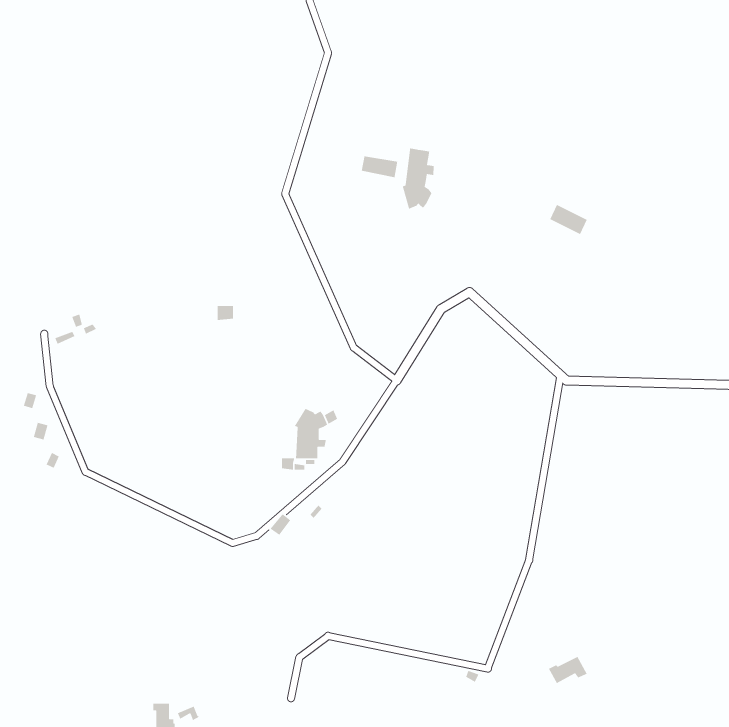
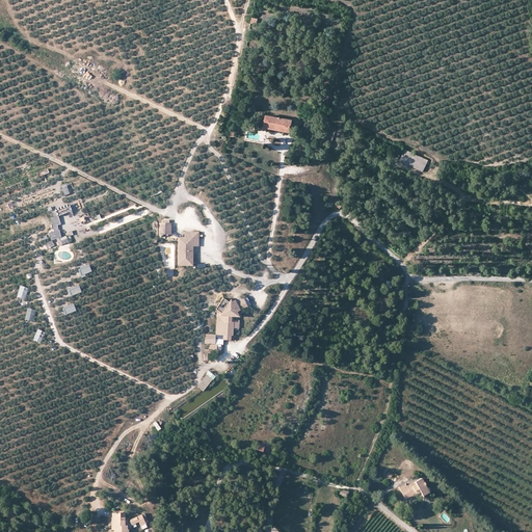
building: [402,148,434,210] -> none
building: none -> [178,232,198,265]

